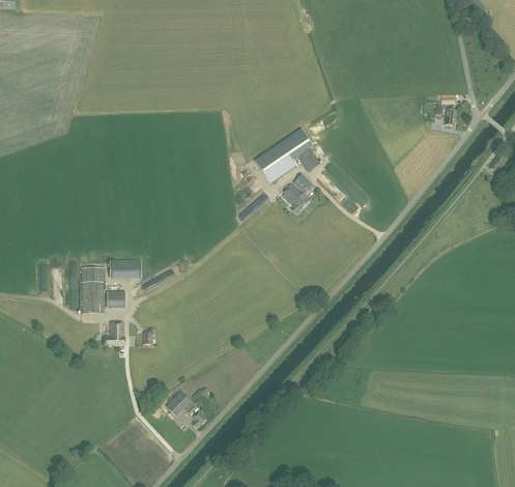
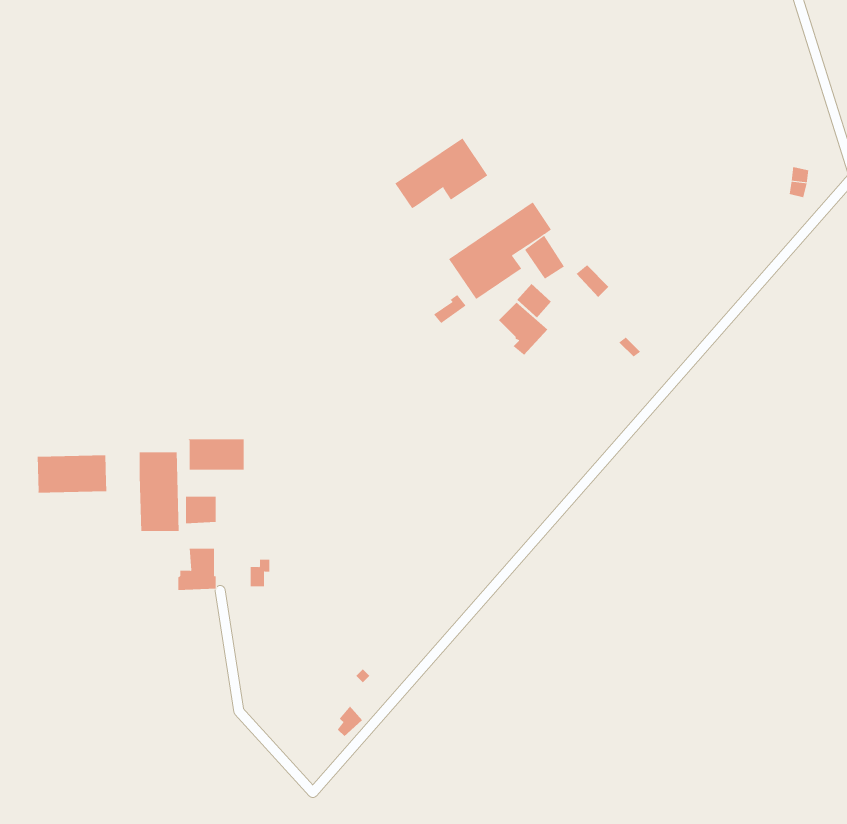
building: none -> [395,138,488,209]
building: none -> [36,454,107,494]
building: [166,391,197,416] -> none

